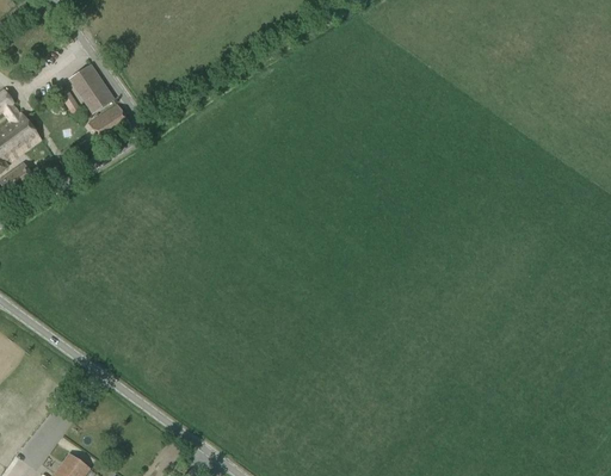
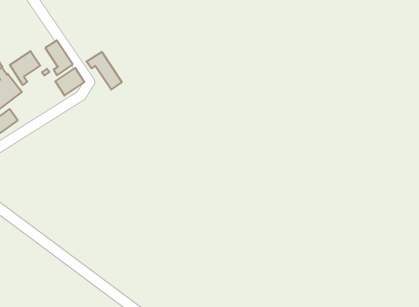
building: none -> [10,51,40,85]
building: none -> [86,52,122,90]

